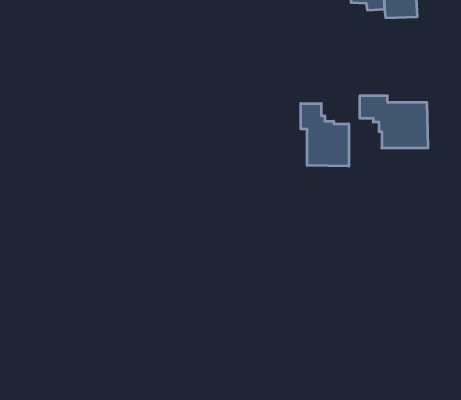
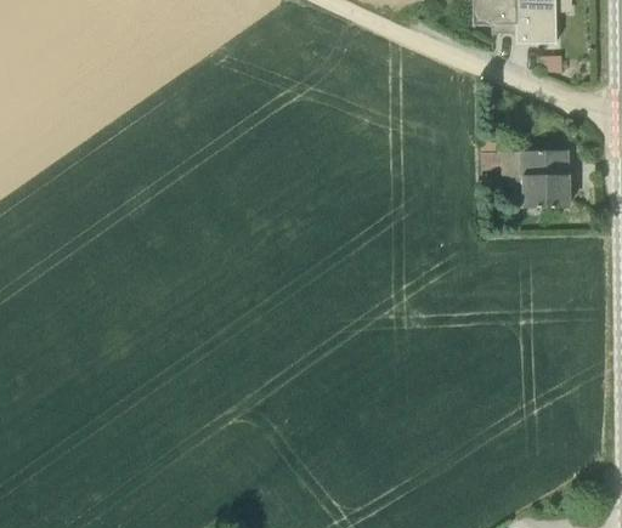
building: [301,103,349,166] -> none

